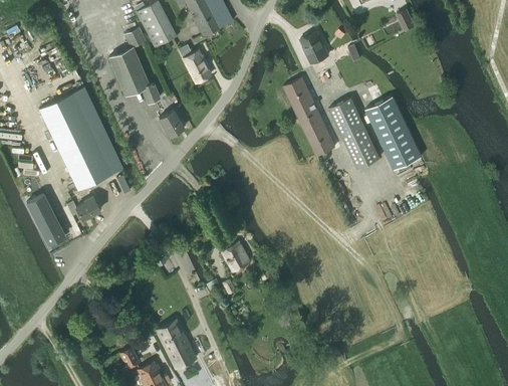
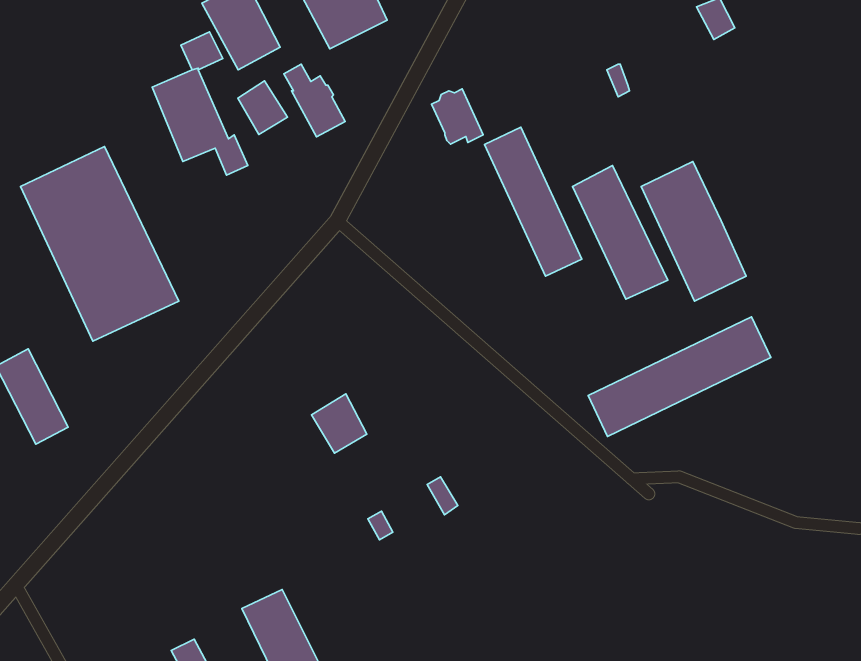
building: [301,32,328,61] -> [432,89,483,144]
building: [159,110,185,138] -> [238,81,288,134]
building: none -> [588,317,771,437]
building: [66,196,100,221] -> none
building: [221,242,250,273] -> [311,394,367,453]

